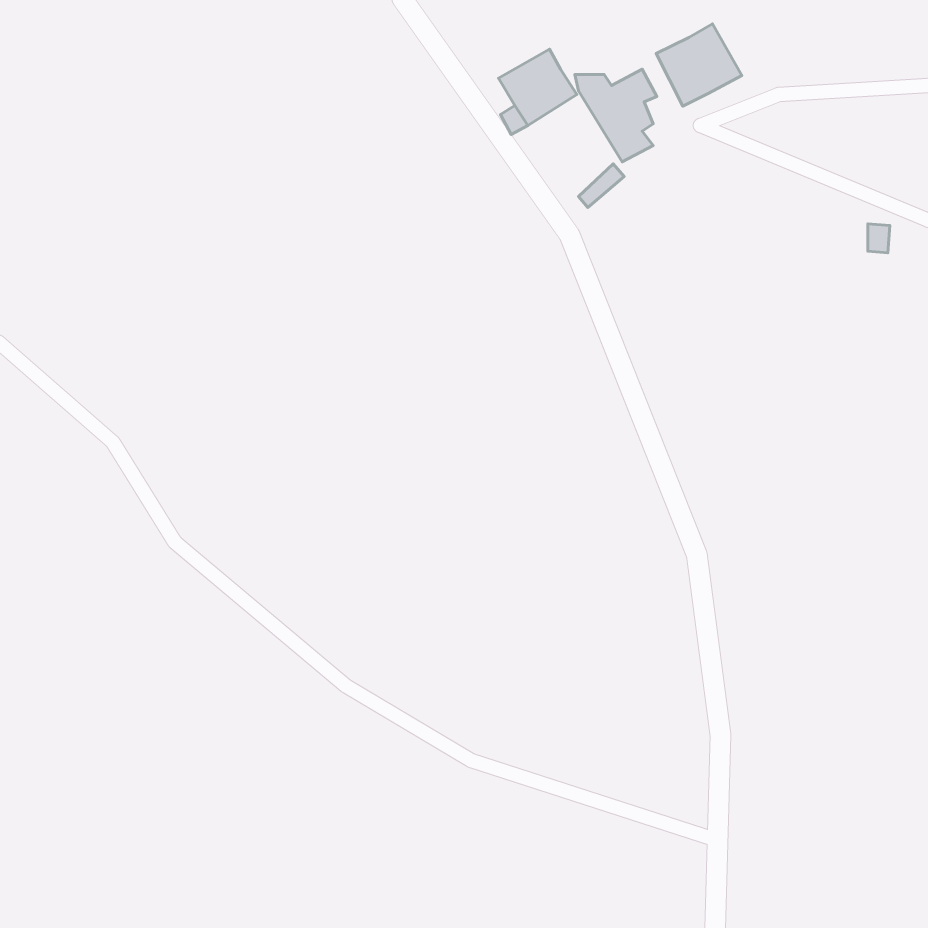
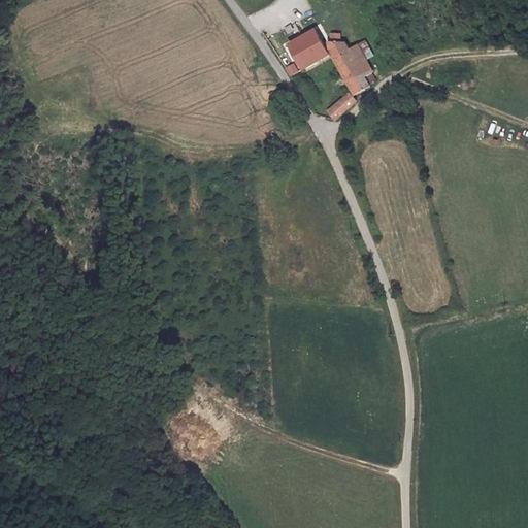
building: [656,24,742,106] -> none

